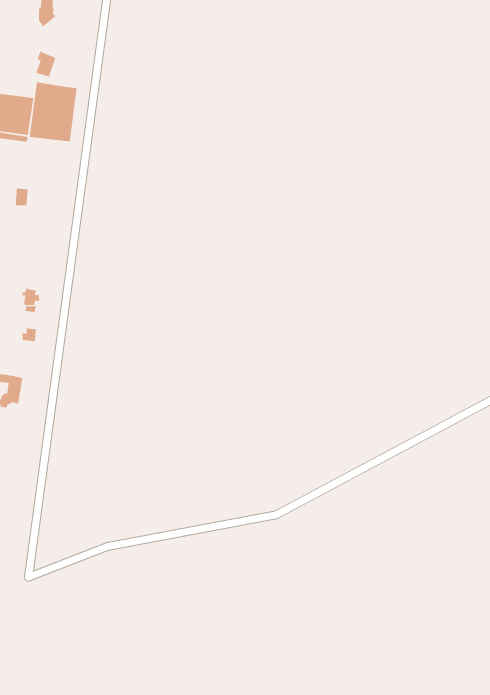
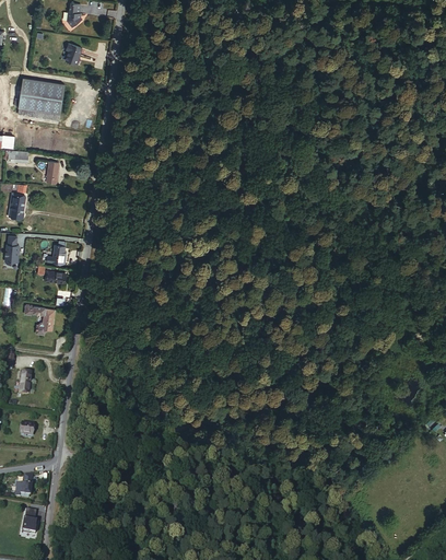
building: [29,82,77,142] -> none

